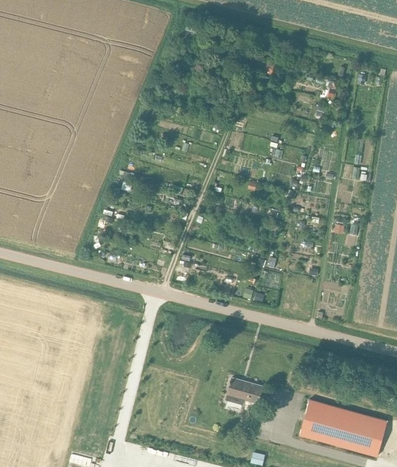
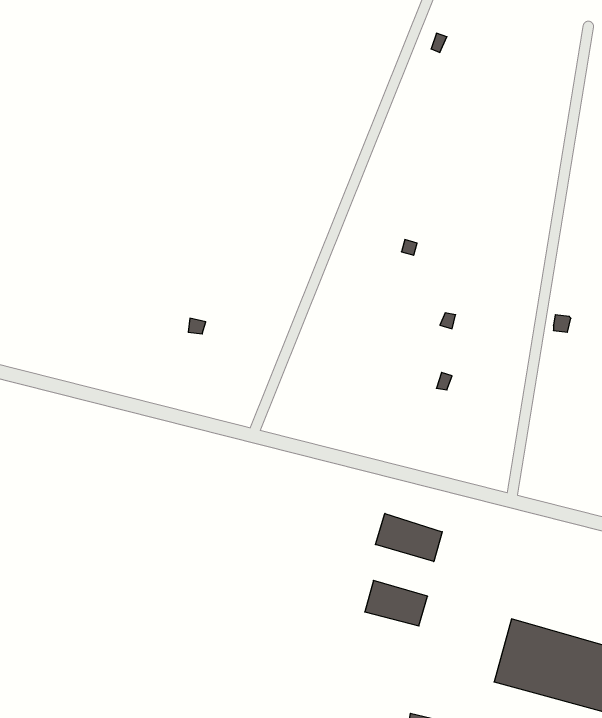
building: none -> [375,513,442,562]

